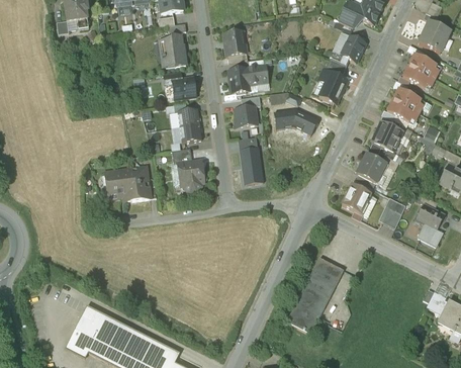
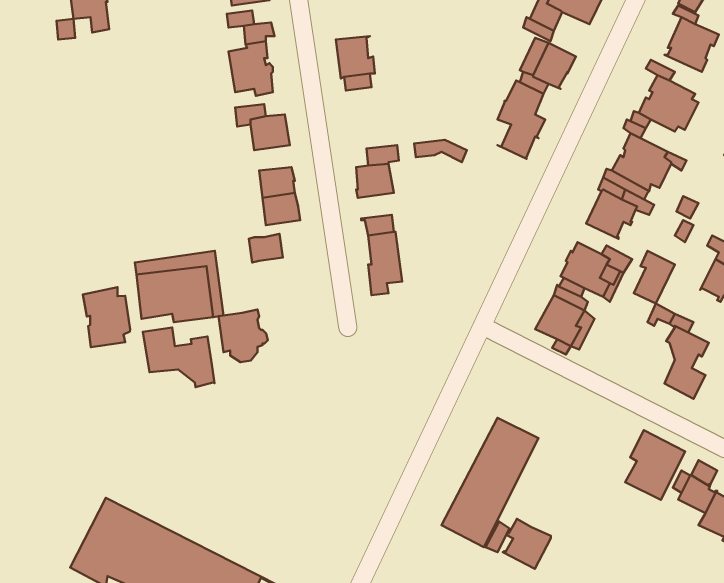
building: [227,64,268,94] -> none
building: [273,110,317,135] -> none
building: [177,161,206,192] -> [218,309,268,362]
building: none -> [83,287,130,347]
building: [381,197,405,228] -> [634,251,675,304]
building: none -> [143,328,215,387]
building: none -> [625,430,685,500]
building: none -> [503,519,551,569]

